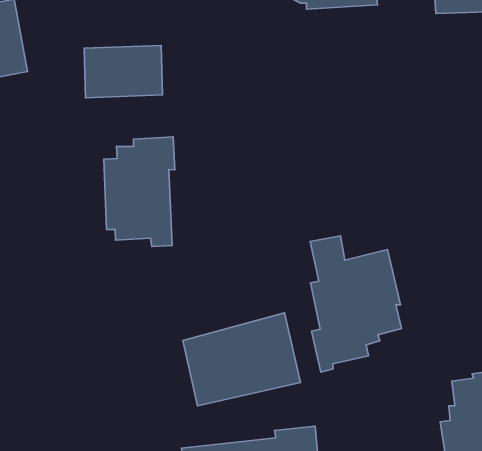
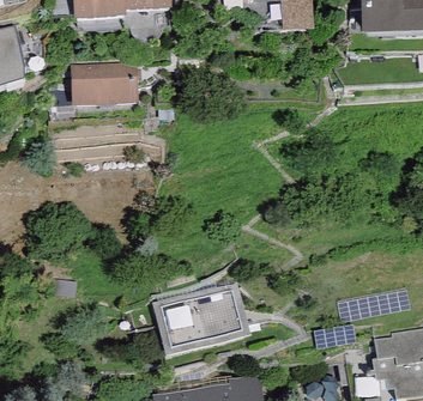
building: [104,137,175,246] -> none
building: [310,236,402,372] -> none

